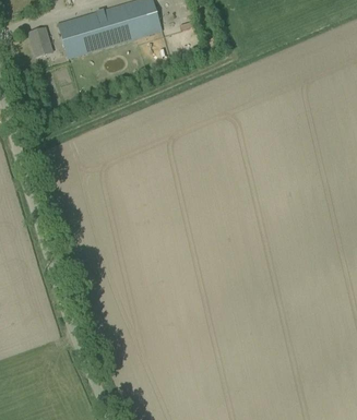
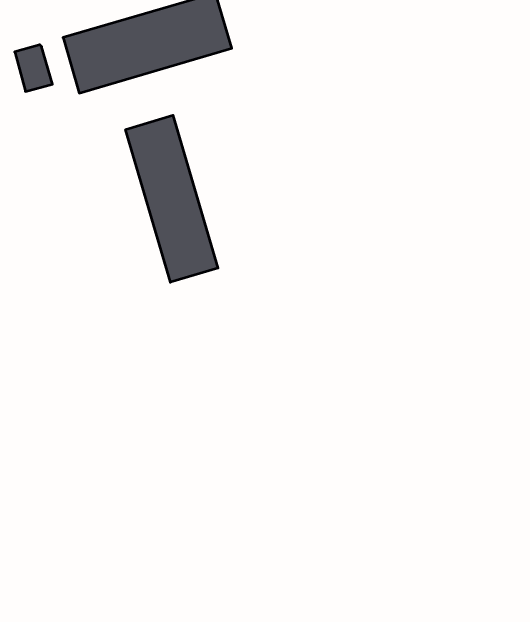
building: none -> [126,115,218,282]

